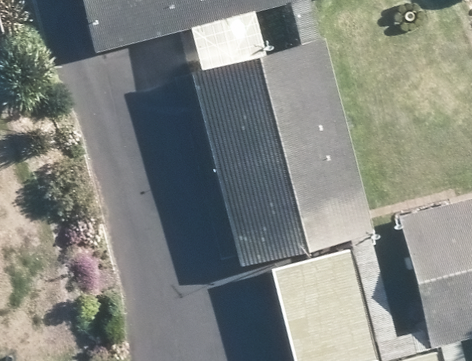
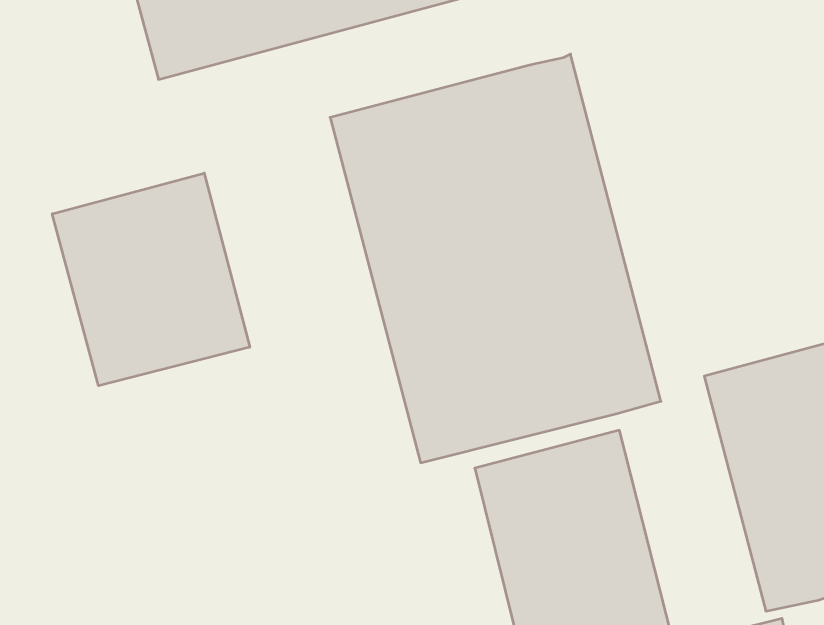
building: none -> [52,173,250,386]

